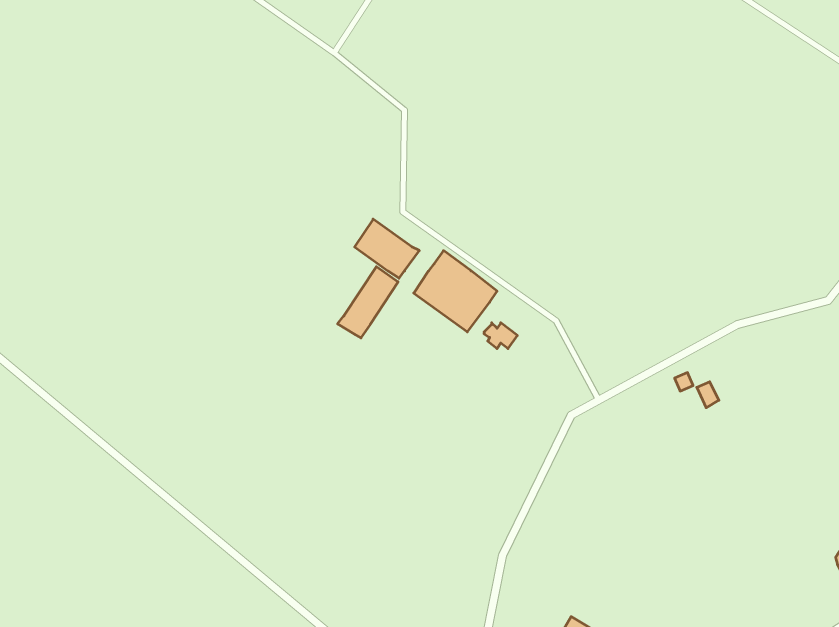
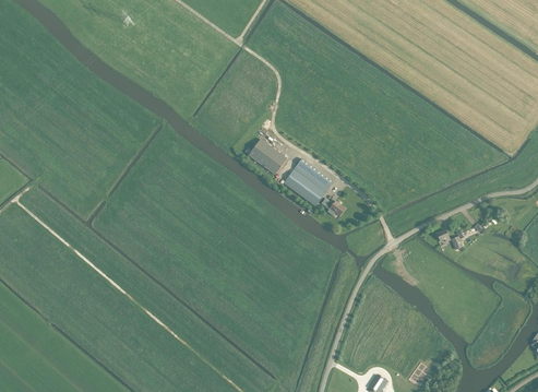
building: [338,267,398,338] -> none

